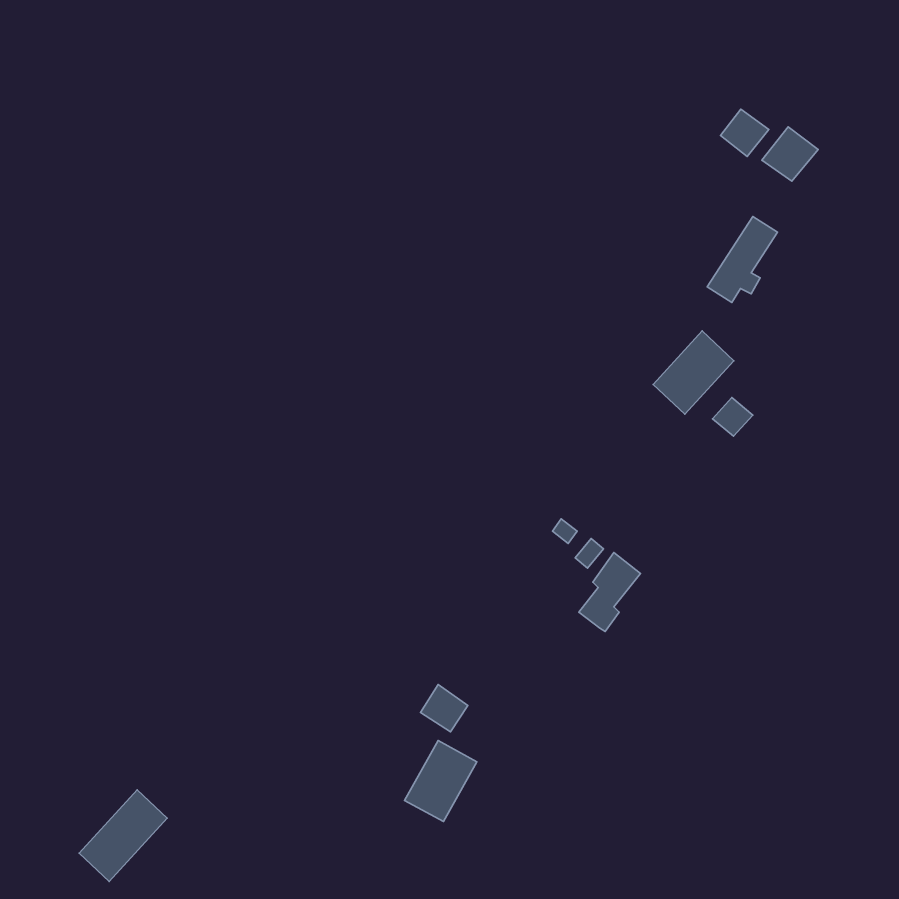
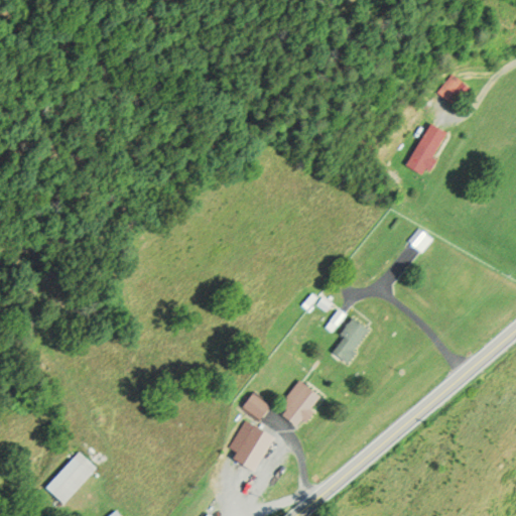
building: [721,109,769,156] -> none
building: [653,331,734,414] -> none
building: none -> [275,379,318,424]

